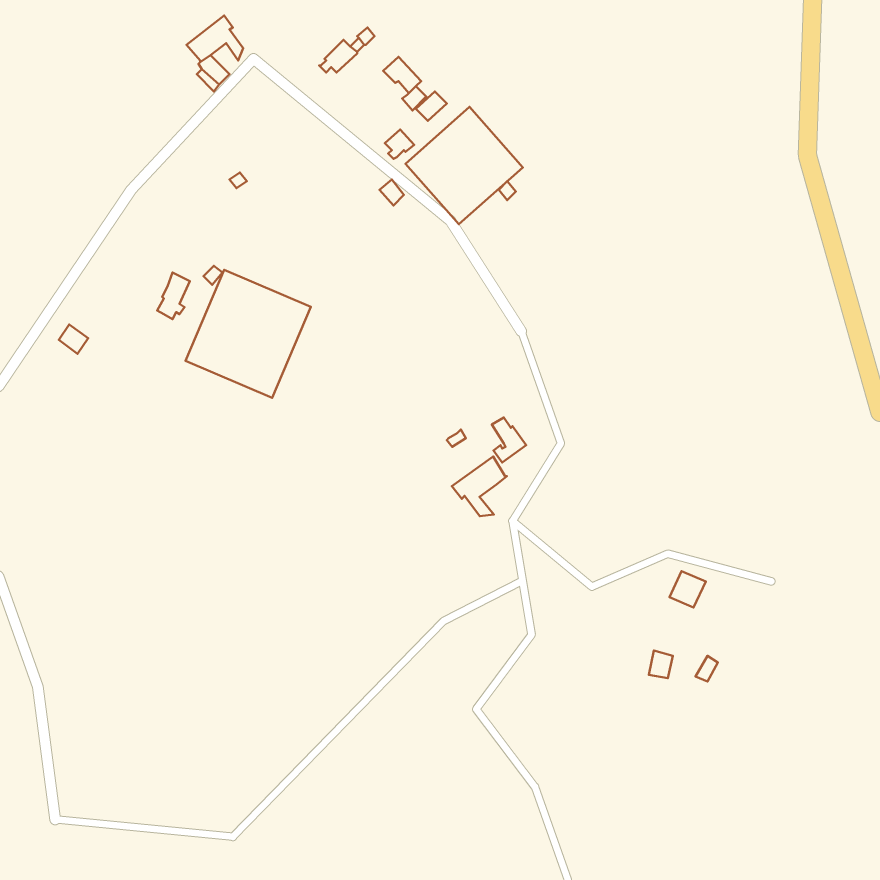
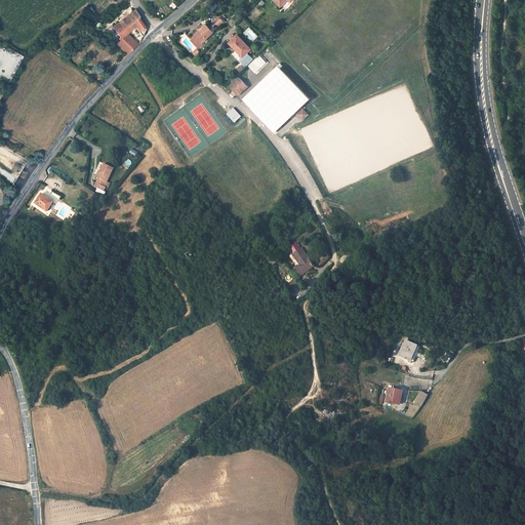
building: [185,270,311,398] -> none
building: [452,457,507,516] -> none

